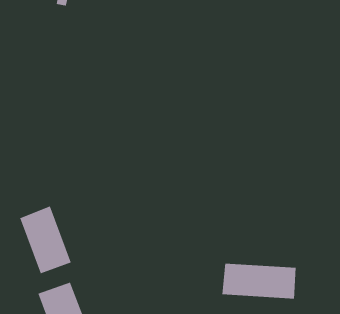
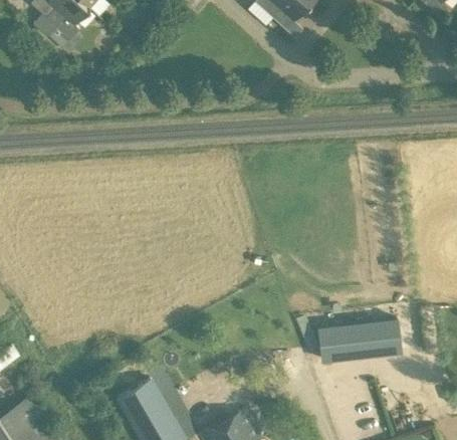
building: [20,206,71,274] -> none

